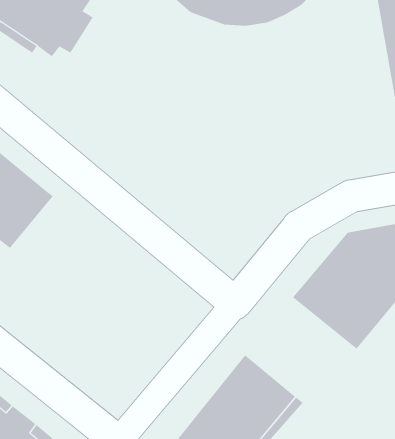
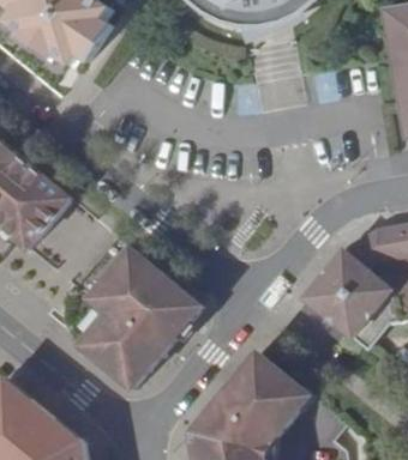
building: none -> [74,250,200,392]

